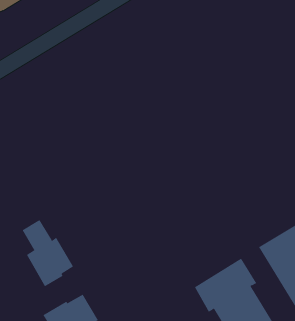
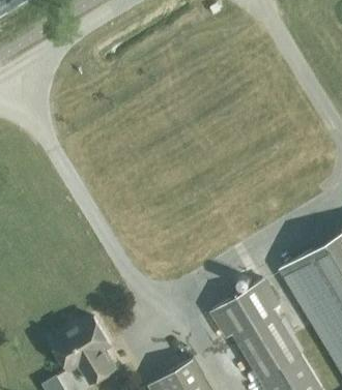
building: [22,219,74,287] -> none

